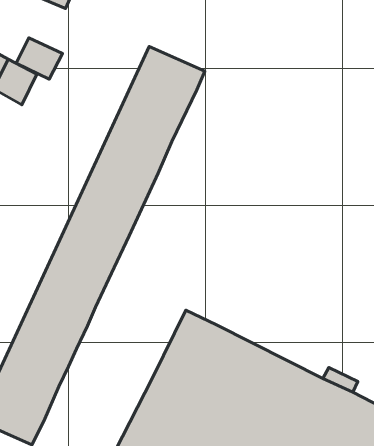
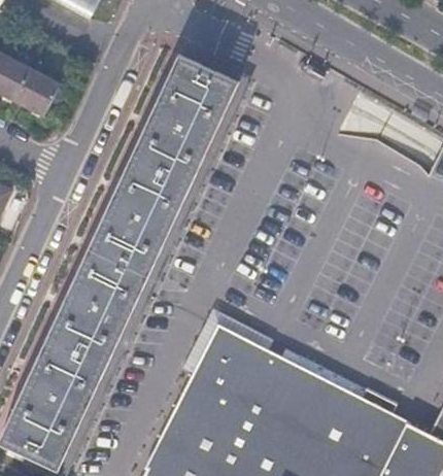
building: [16,38,63,79] -> none

